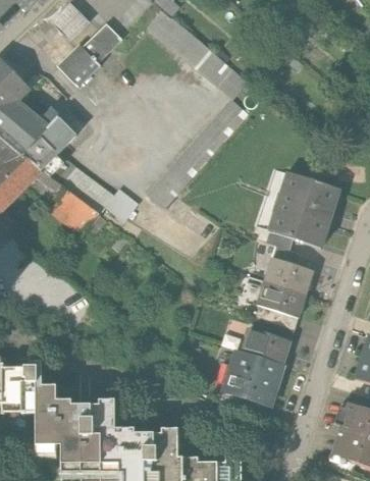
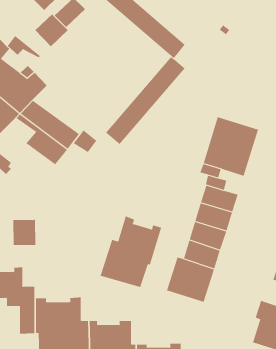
building: none -> [100,216,162,288]
building: none -> [13,219,36,246]

